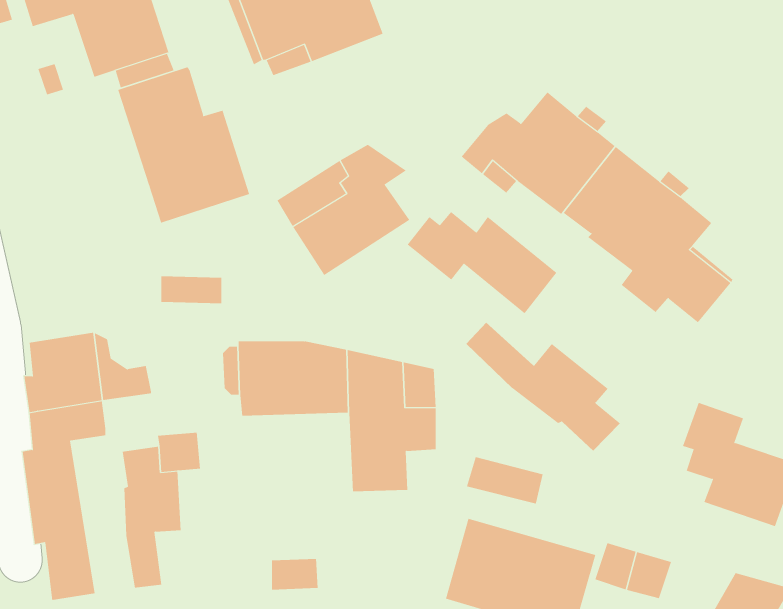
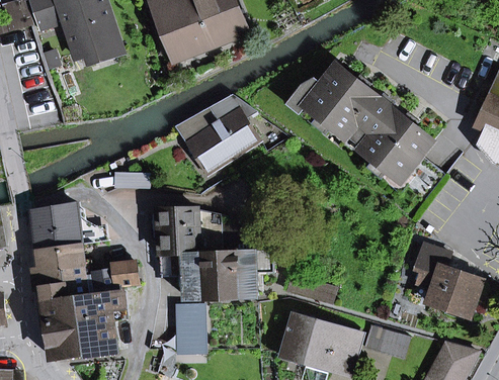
building: [117,66,250,223] -> none
building: [407,211,557,314] -> none
building: [466,322,621,452] -> none
building: none -> [160,251,224,297]
building: none -> [62,259,98,355]
building: none -> [175,304,203,336]

